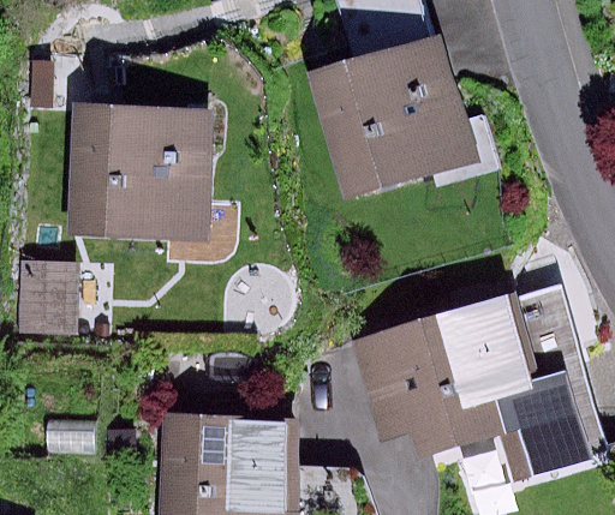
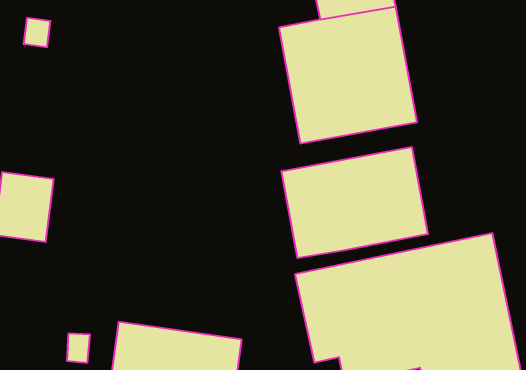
building: [70,103,209,239] -> none
building: none -> [282,147,428,258]

